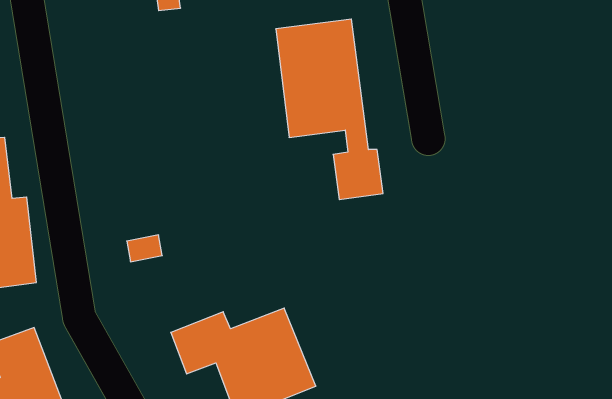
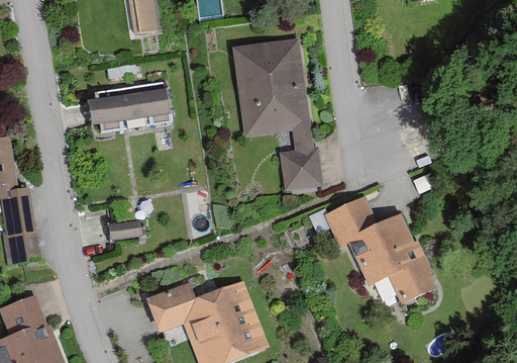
building: none -> [98,79,169,134]
building: none -> [322,193,437,303]

